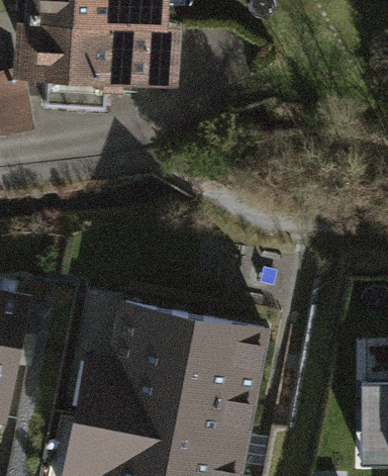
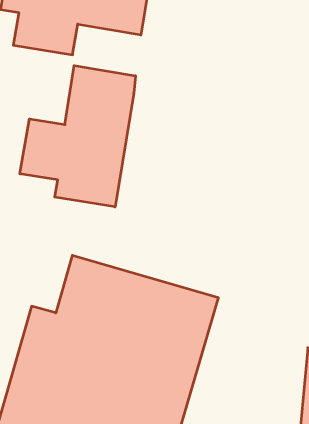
building: none -> [20,66,135,207]

